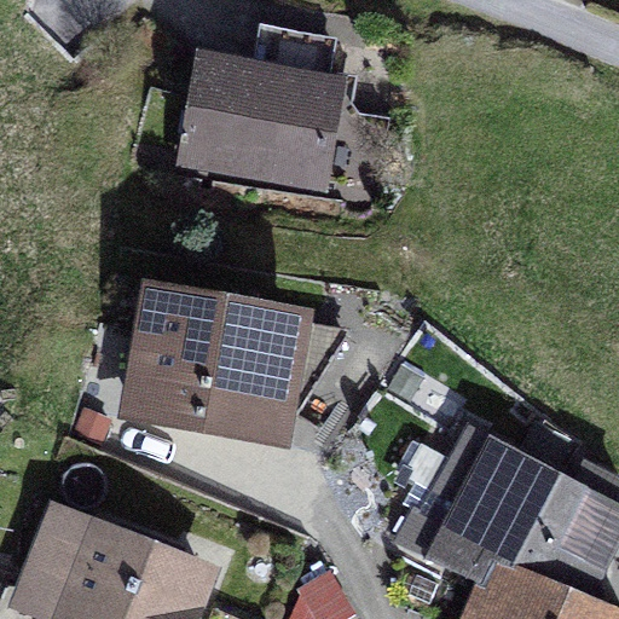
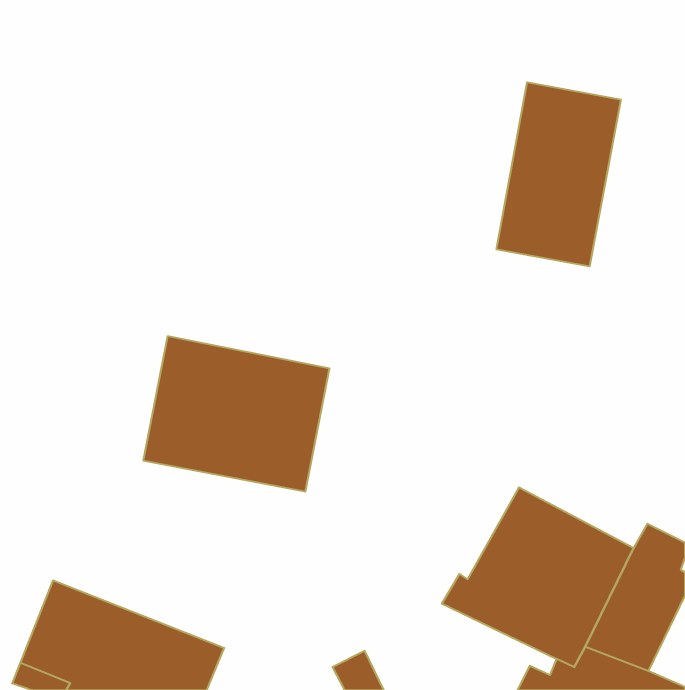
building: [180,31,387,195] -> none
building: none -> [497,82,621,266]

